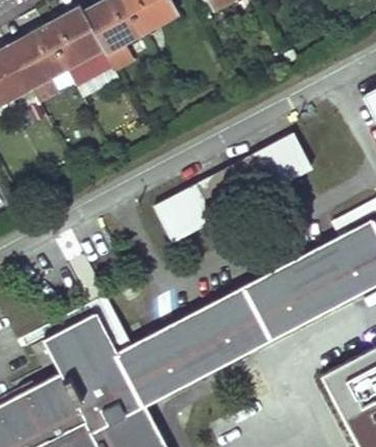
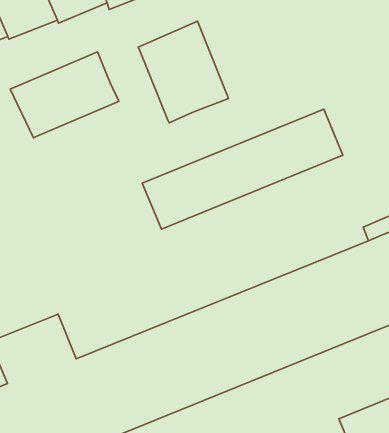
building: none -> [138,21,229,123]
building: none -> [10,52,119,138]

